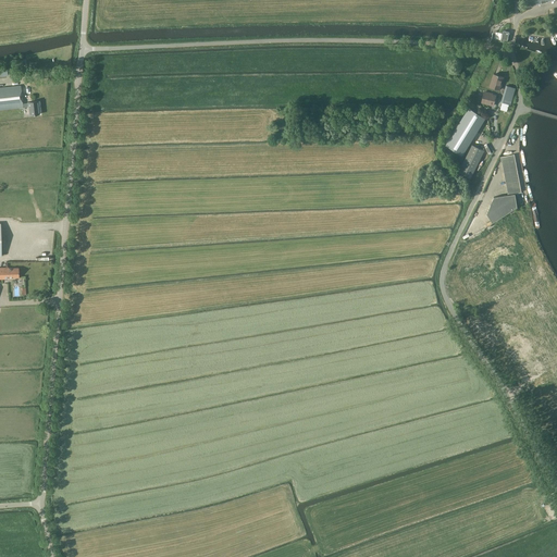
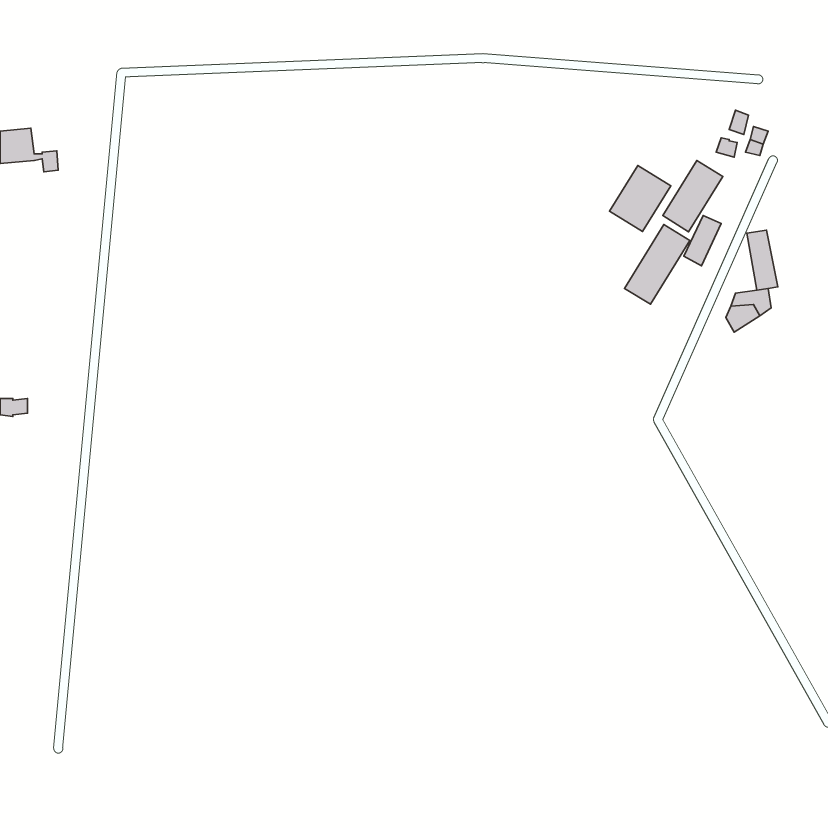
building: none -> [610,165,671,232]
building: none -> [625,225,690,304]

